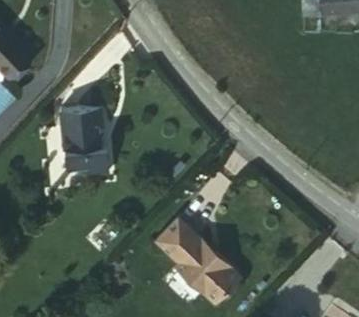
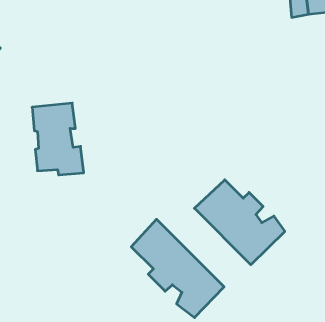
building: none -> [194,180,285,265]

